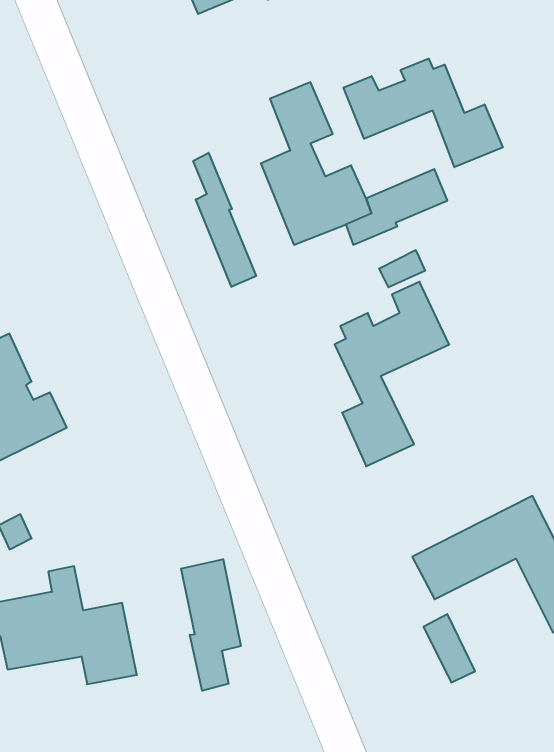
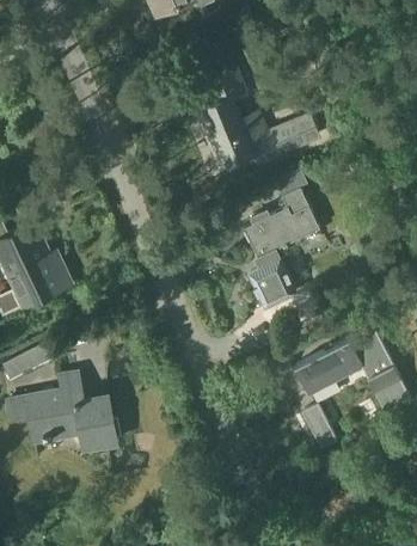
building: [344,59,503,167] -> none
building: [193,153,256,287] -> none
building: [181,559,241,691] -> none

